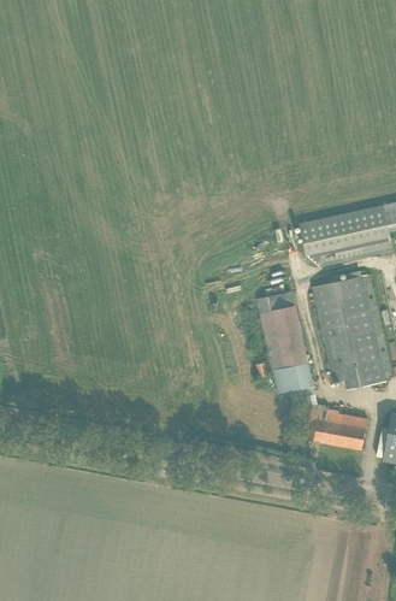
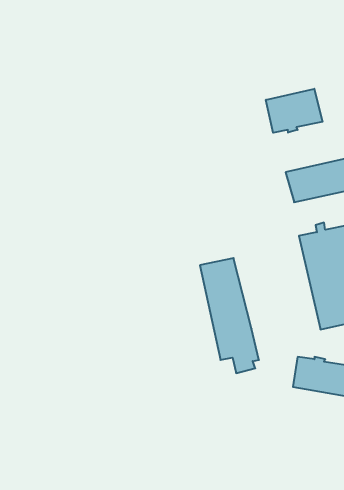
building: none -> [266,89,323,133]
building: [258,291,317,407] -> [200,258,259,373]

